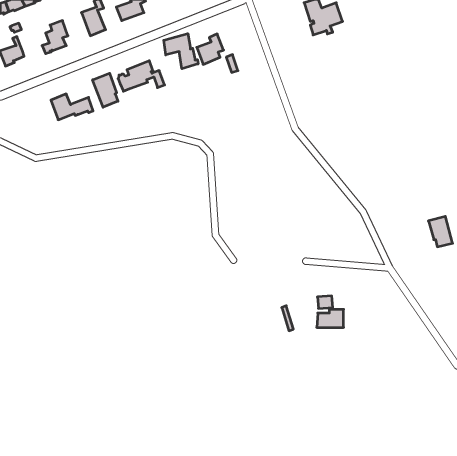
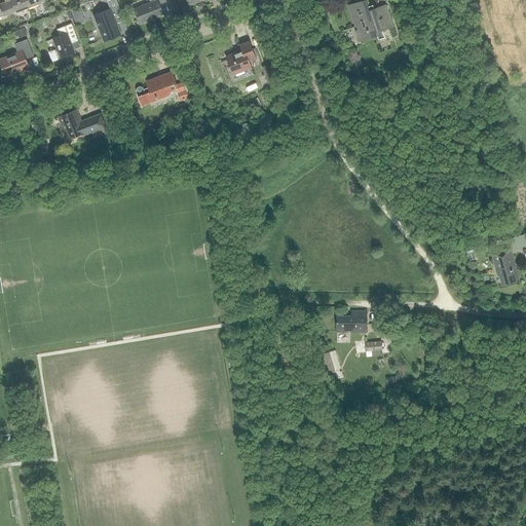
building: [164,34,198,69] -> none
building: [93,73,118,107] -> none
building: [317,309,344,327] -> [337,310,368,331]

